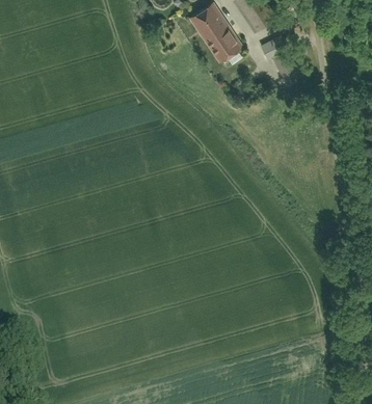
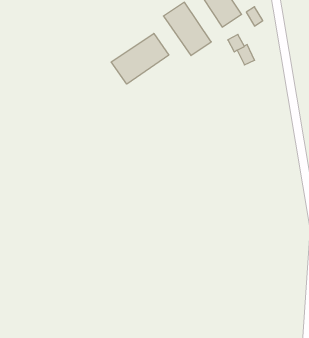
building: none -> [111,33,169,84]

